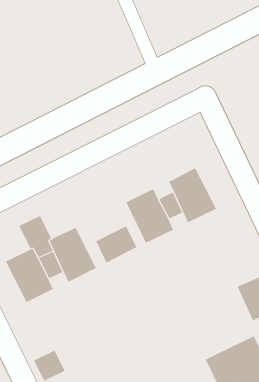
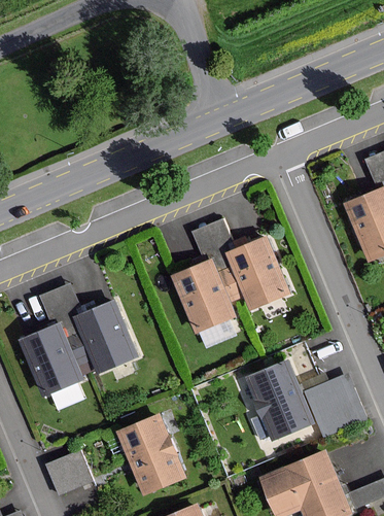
building: none -> [195,221,235,275]
building: [95,226,137,264] -> none
building: none -> [245,360,313,439]
building: none -> [118,416,182,491]

